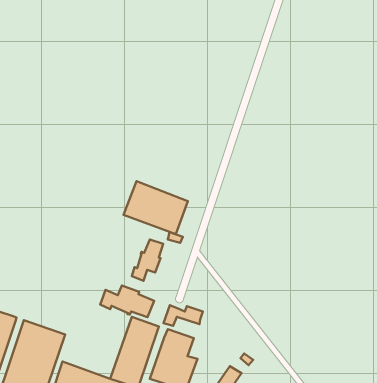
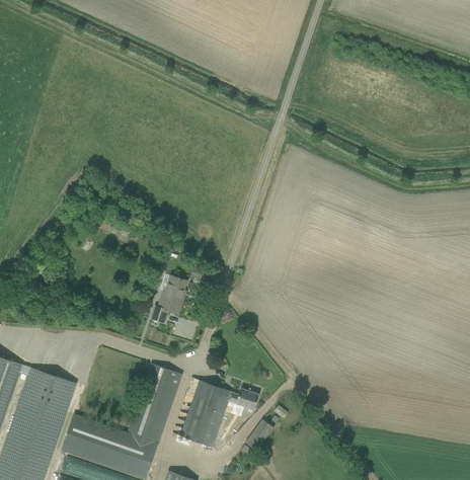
building: [124,181,188,234] -> none
building: [100,285,154,317] -> none
building: [163,305,203,326] -> [214,389,258,412]

